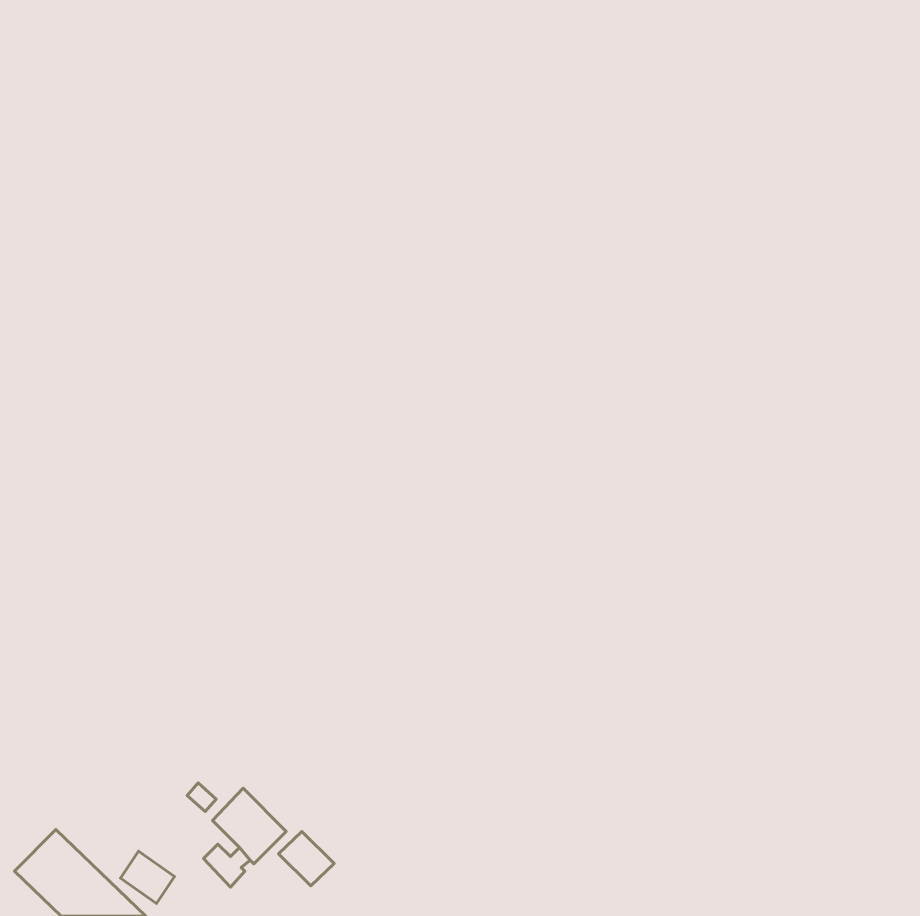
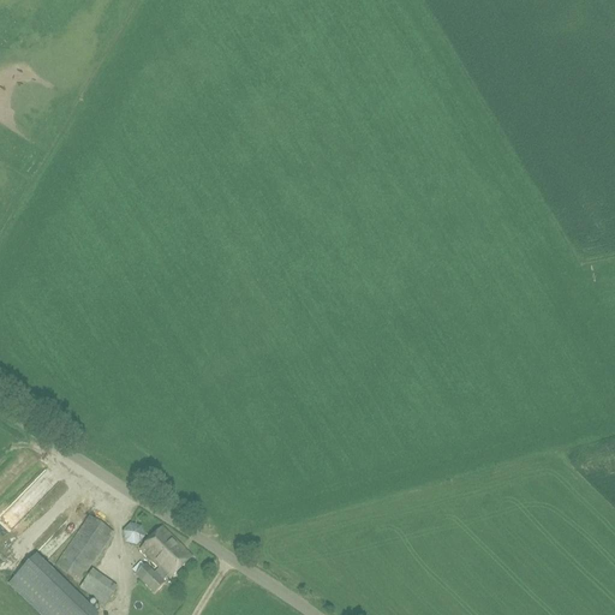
building: none -> [55,514,113,580]
building: [279,832,334,886] -> none

